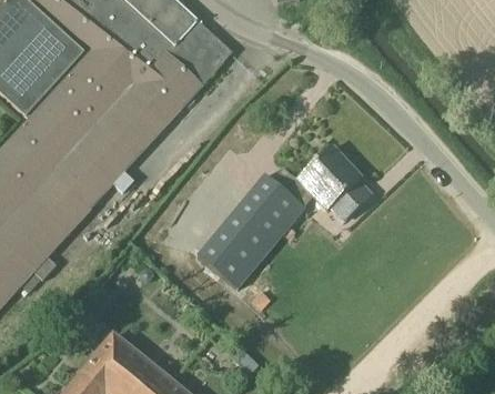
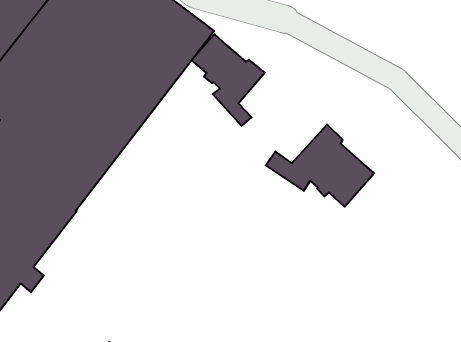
building: none -> [192,34,265,126]
building: [195,173,304,287] -> none

